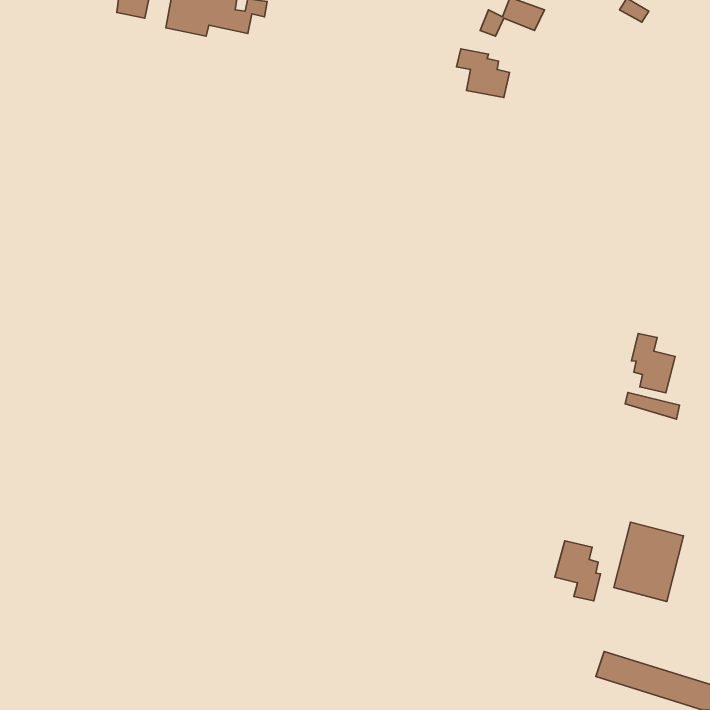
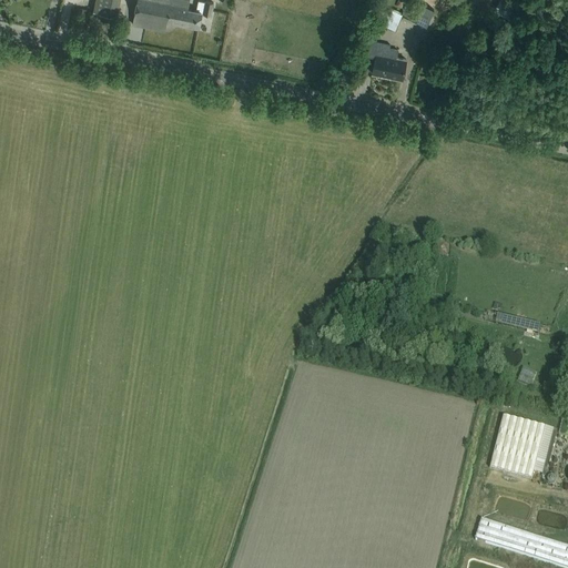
building: [632,334,675,393] -> none
building: [555,541,601,601] -> none

